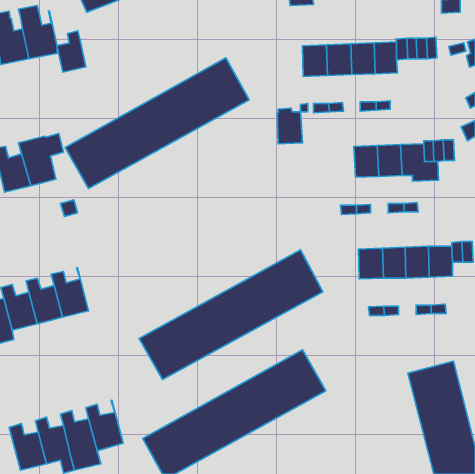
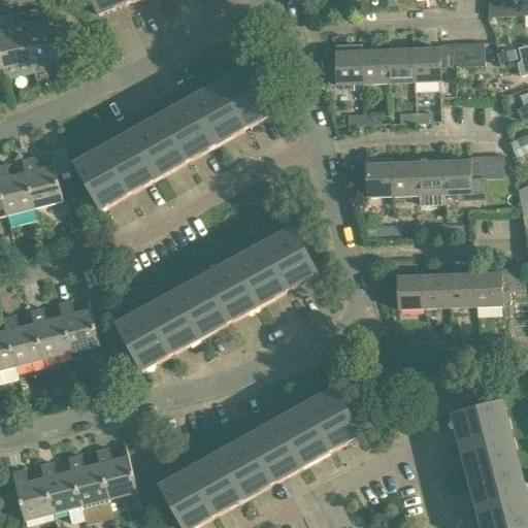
building: [57,31,86,72] -> none
building: [277,108,302,144] -> [365,158,393,197]
building: [139,250,323,380] -> [113,226,317,369]

